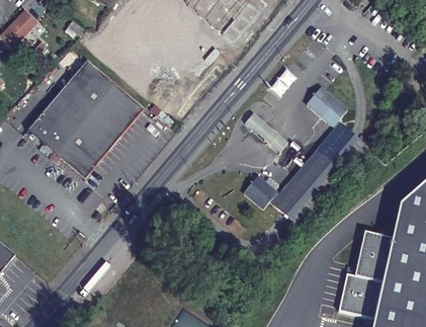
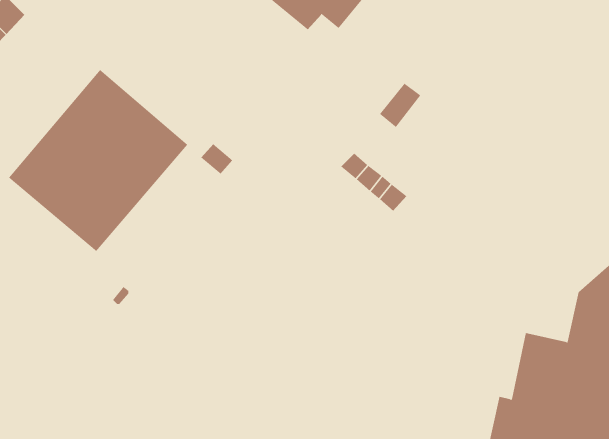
building: [243,86,366,226] -> none

